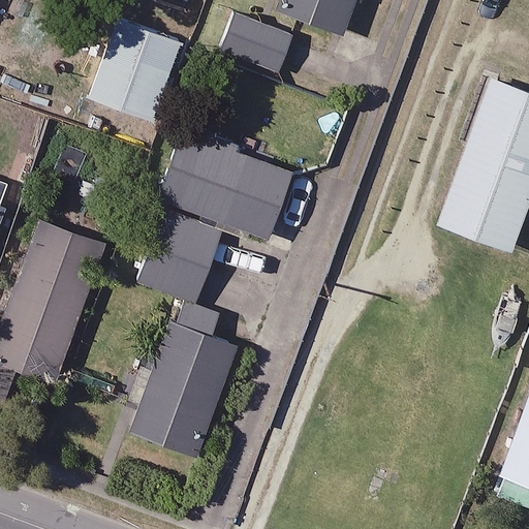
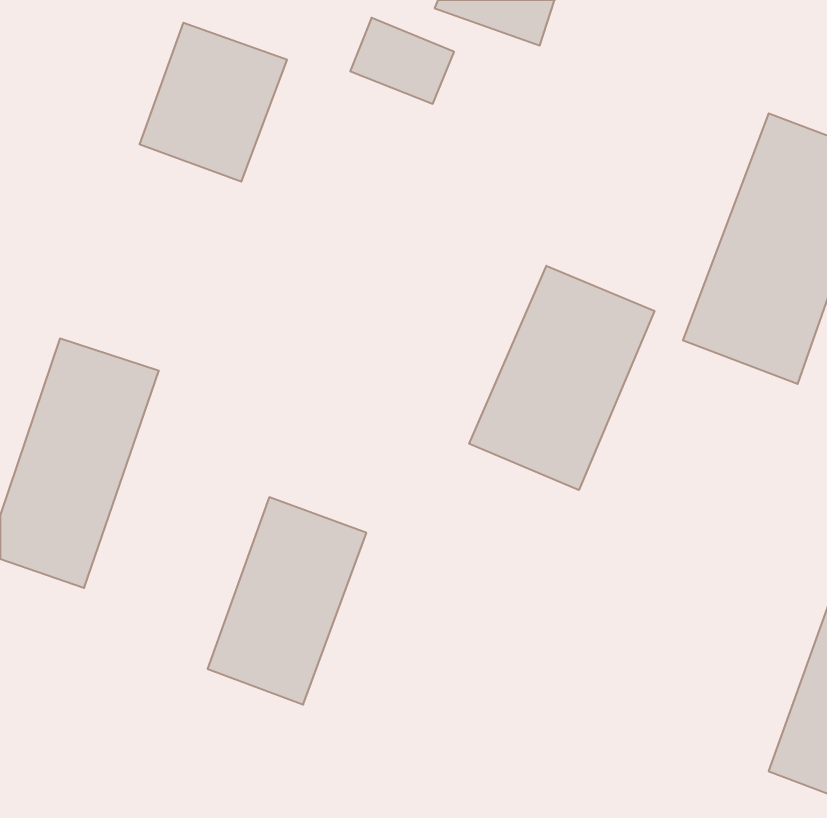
building: [159,131,291,240] -> none
building: none -> [469,266,654,490]
building: [142,214,220,303] -> none

